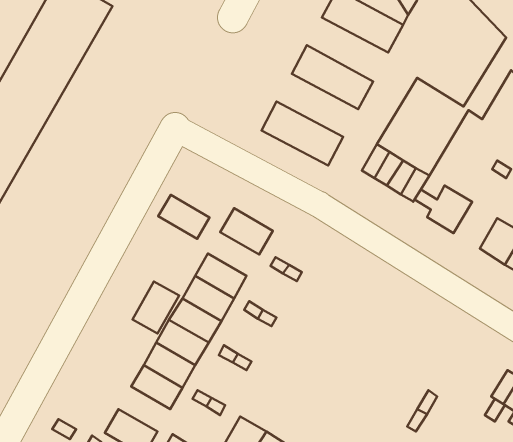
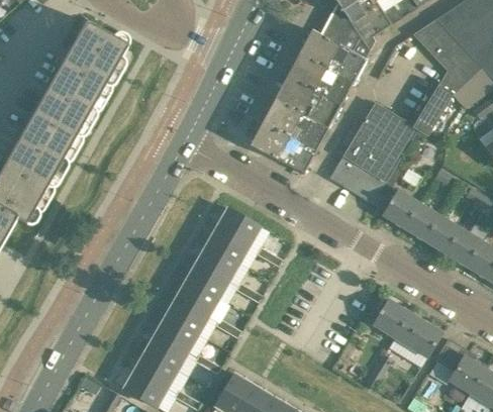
building: none -> [286,54,352,105]
building: none -> [262,99,327,149]
building: [158,195,210,239] -> [206,226,248,262]
building: none -> [404,202,439,239]
building: [132,281,179,334] -> none
building: none -> [373,297,441,356]
building: none -> [134,350,176,387]

